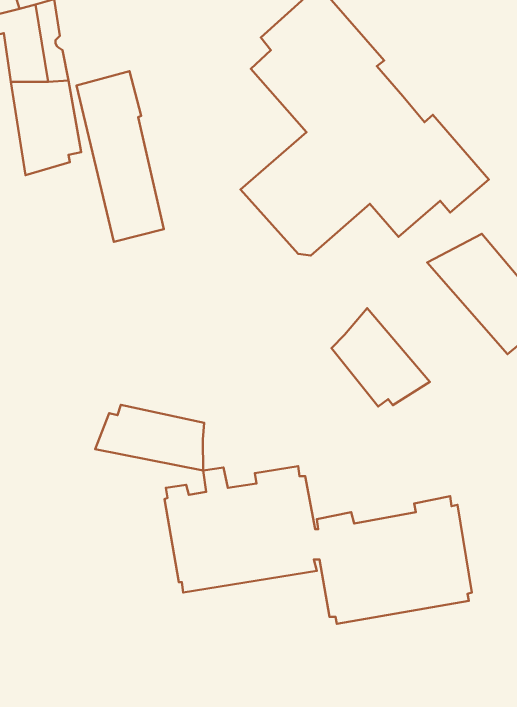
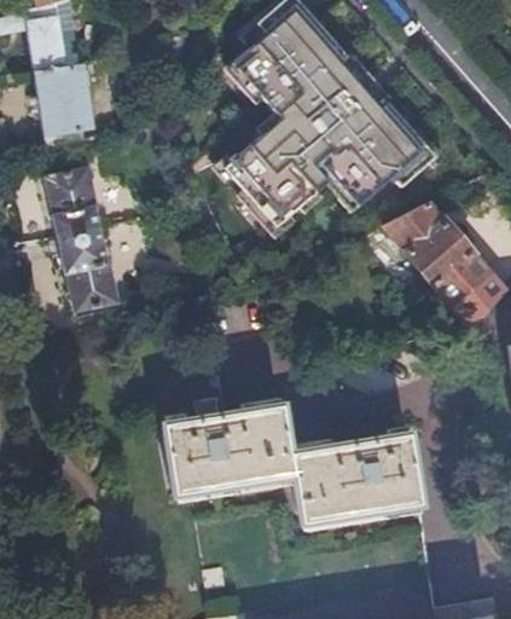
building: [76,71,164,242] -> [45,172,118,316]
building: [331,308,430,406] -> none
building: [95,405,204,470] -> none

